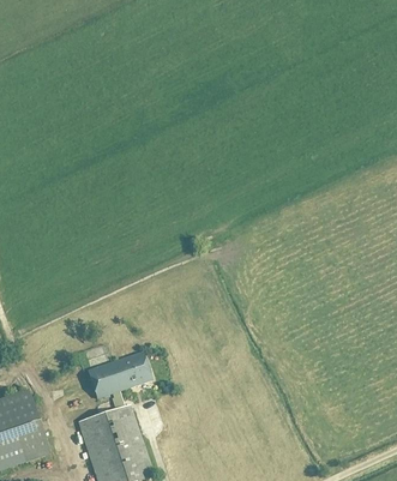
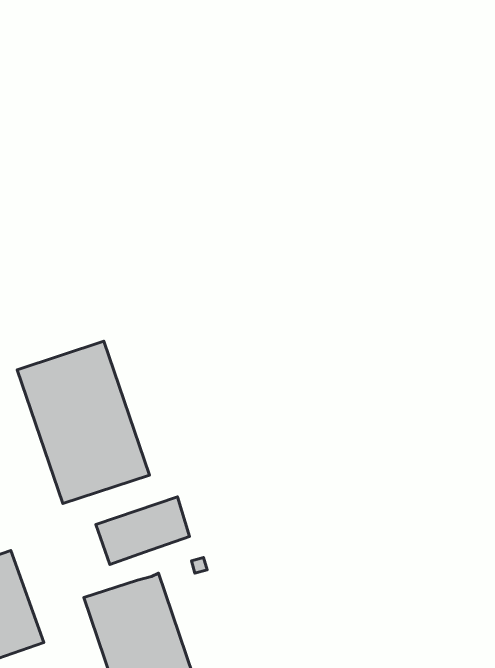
building: none -> [17,341,149,504]

